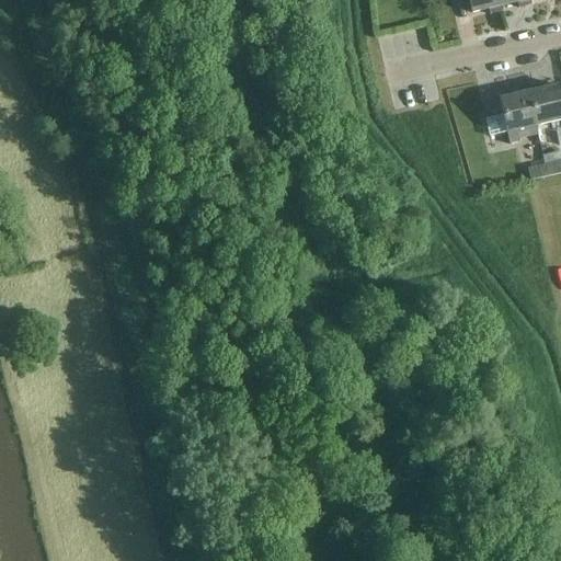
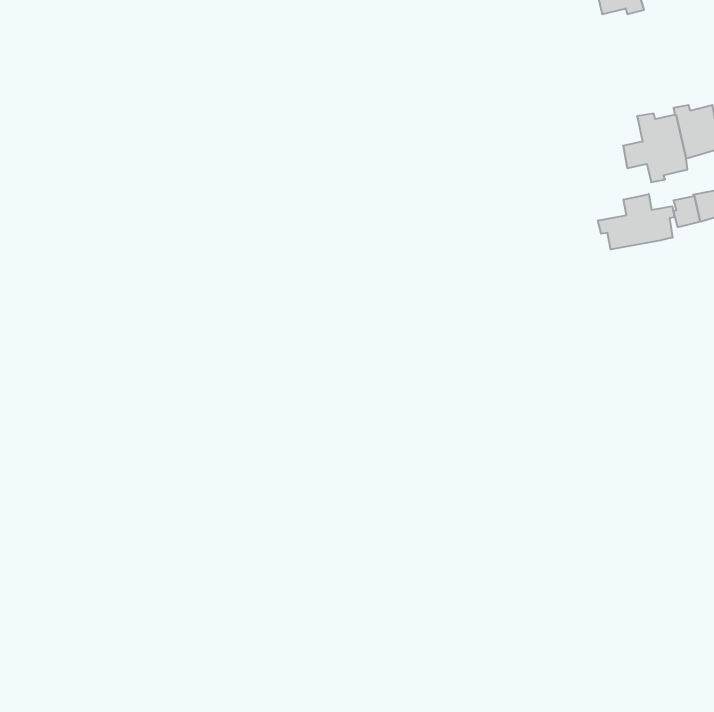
building: none -> [598,194,675,250]

